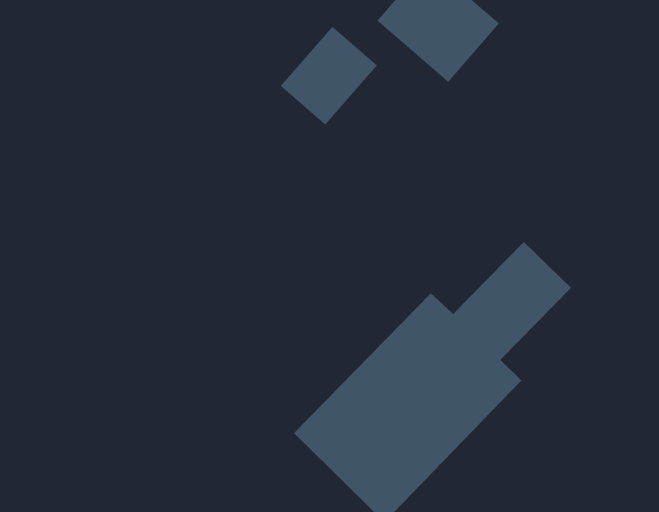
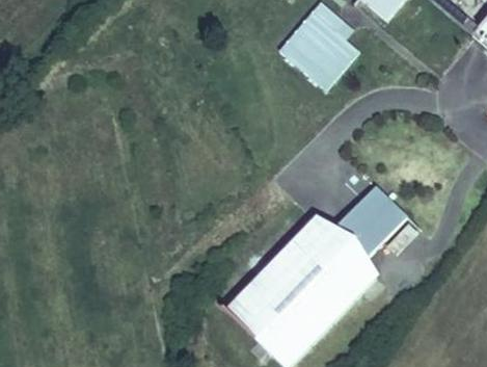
building: [280,26,378,126] -> none

